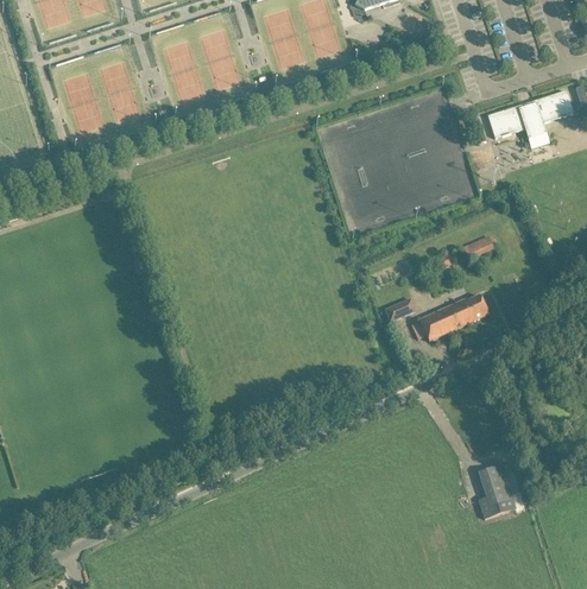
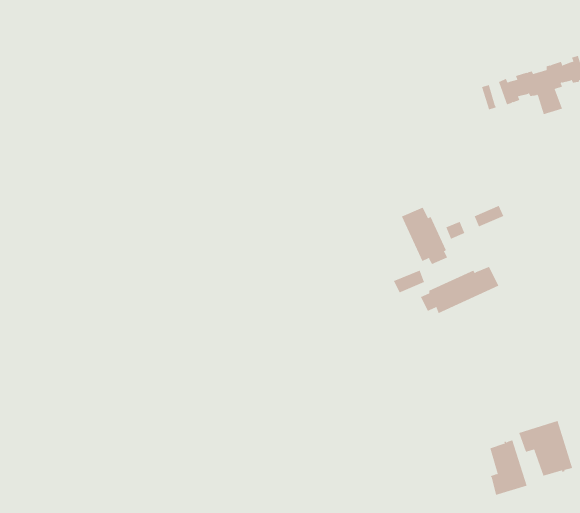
building: none -> [401,207,448,265]
building: none -> [518,420,573,477]

